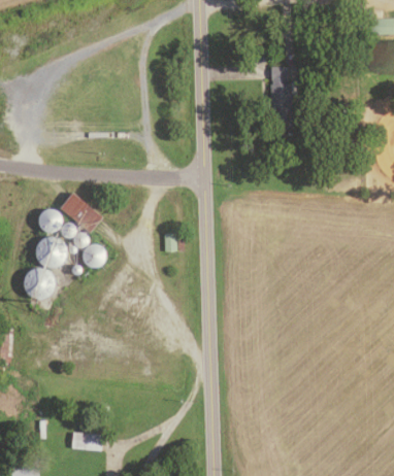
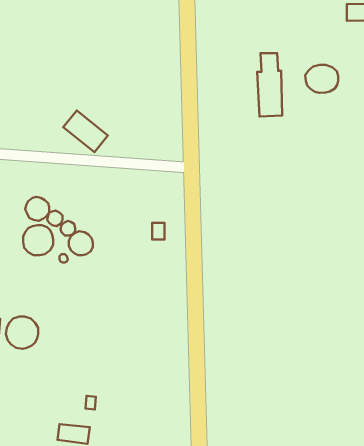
building: none -> [305,65,338,93]
building: [60,193,104,234] -> [63,110,108,152]
building: [24,267,56,299] -> [6,316,38,349]

